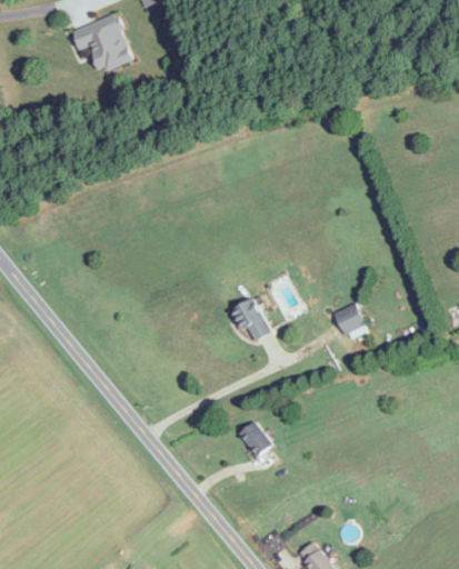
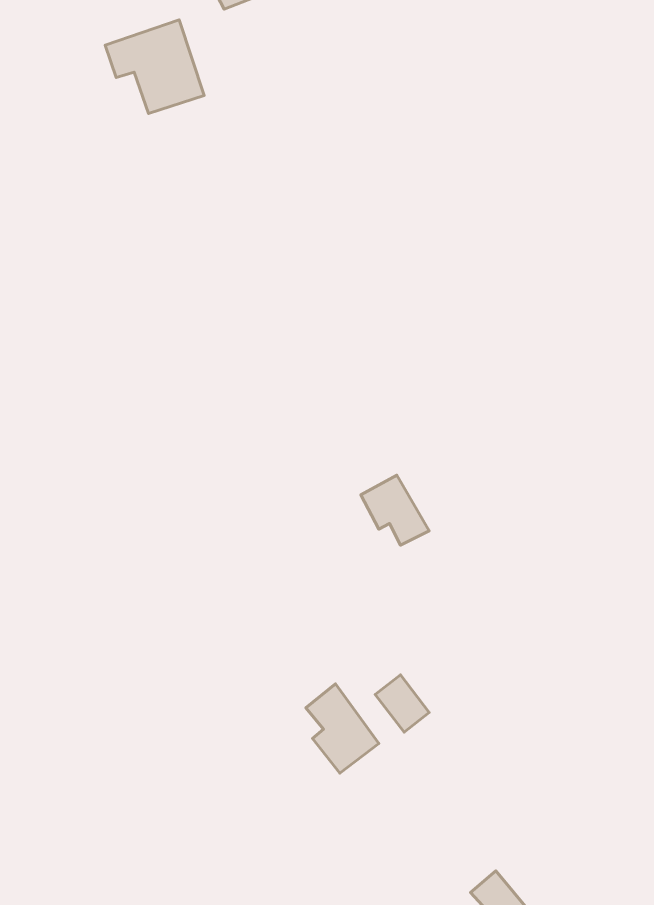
building: [333,303,365,335] -> none
building: none -> [306,684,379,773]

